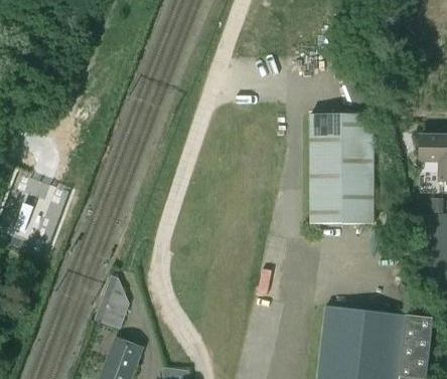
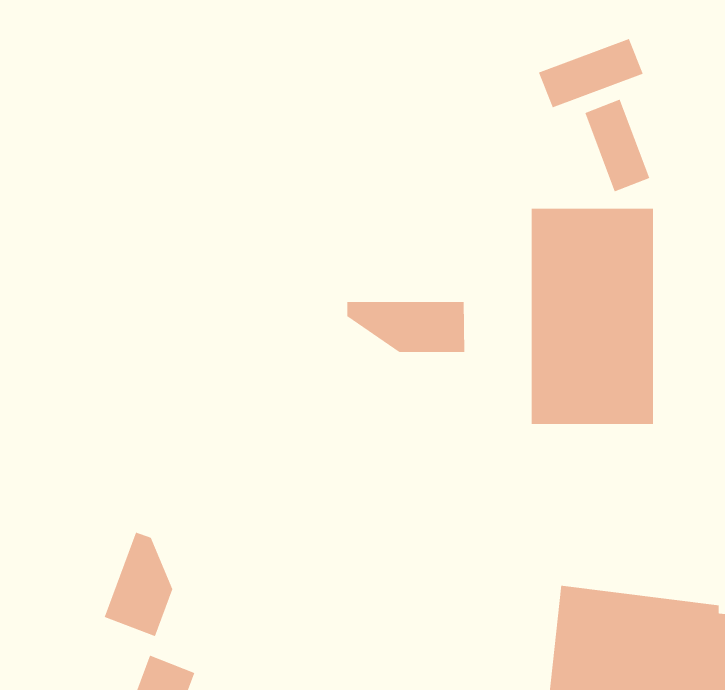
building: none -> [538,38,643,108]
building: none -> [347,301,465,353]

